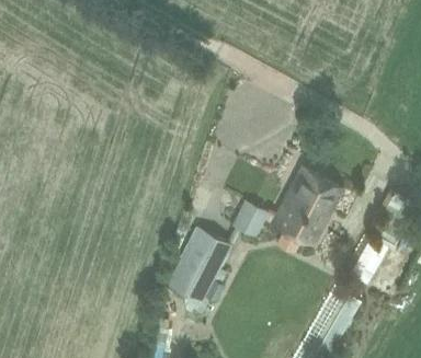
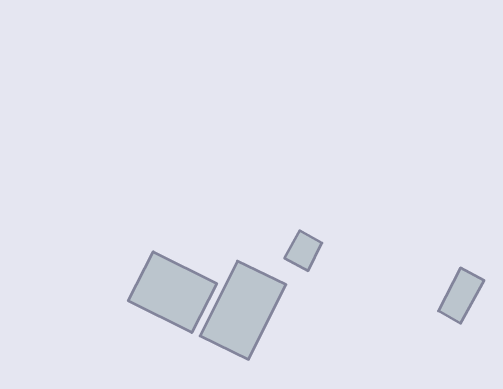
building: [274,170,342,244] -> none
building: none -> [128,252,217,333]

